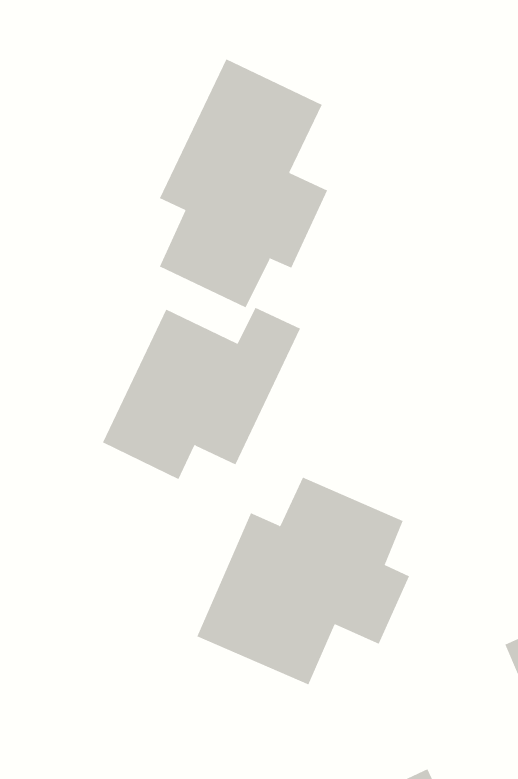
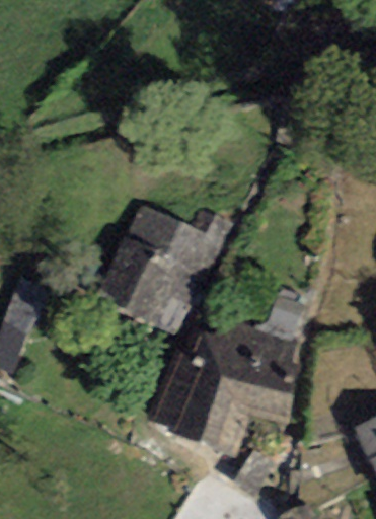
building: [159,58,328,308] -> none

